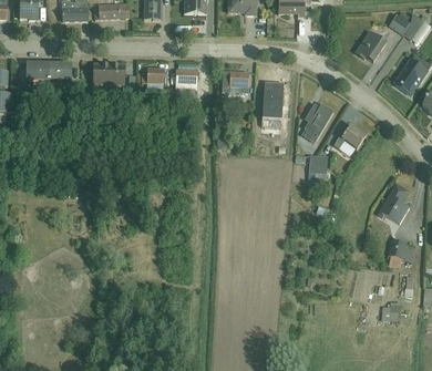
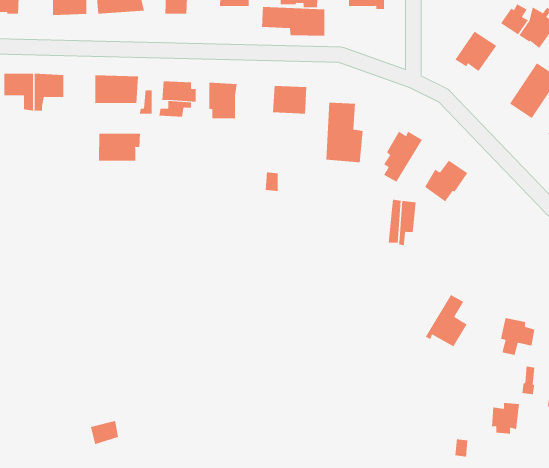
building: none -> [262,6,325,36]
building: none -> [99,133,140,162]
building: [378,185,409,224] -> [425,294,467,347]

